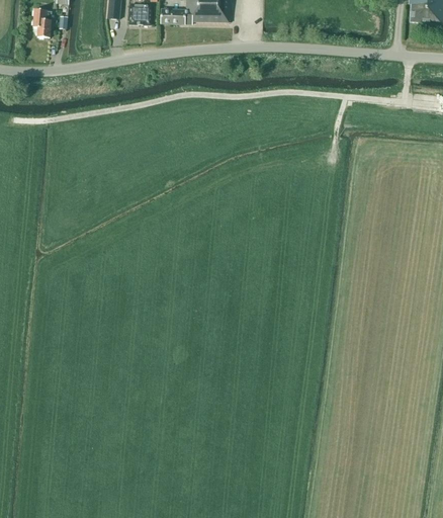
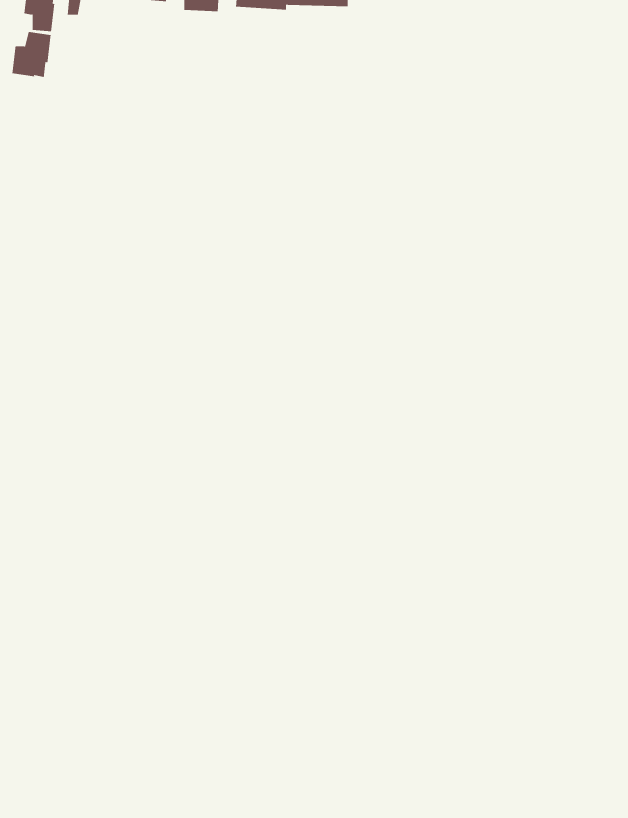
building: none -> [12,31,51,78]

